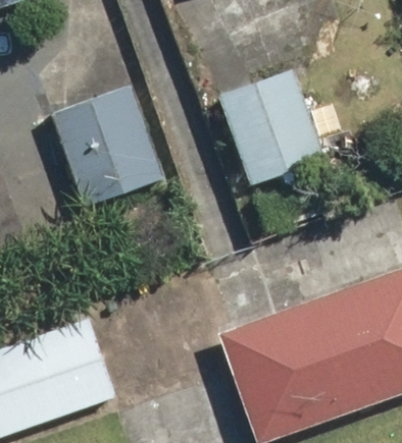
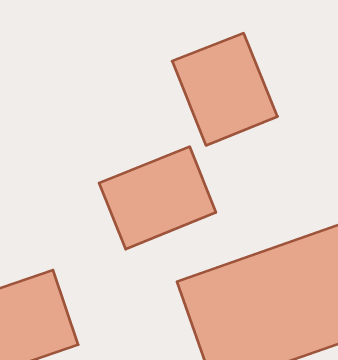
building: [48,80,165,207] -> none
building: none -> [99,147,216,249]

